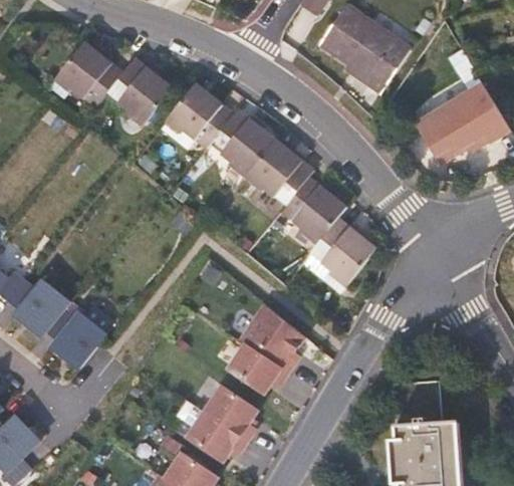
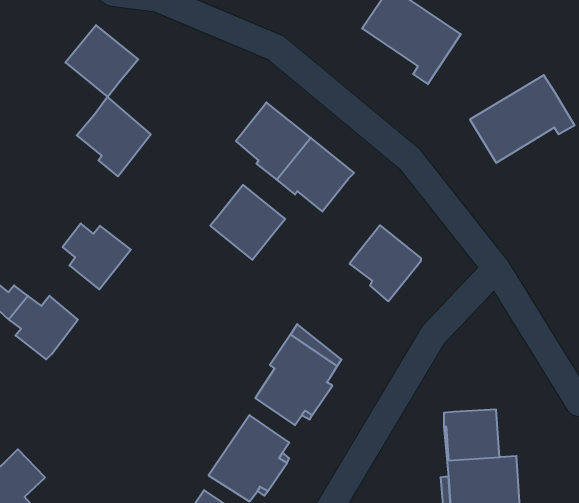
building: [106,56,172,127] -> [77,97,151,176]
building: [166,84,232,150] -> none
building: [279,177,345,243] -> [210,185,285,260]
building: [46,310,106,369] -> [63,223,131,289]

